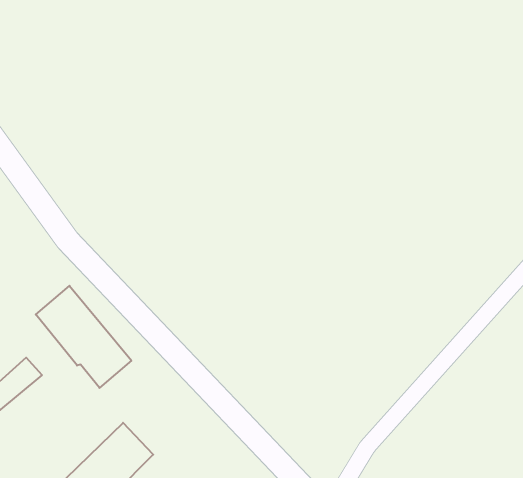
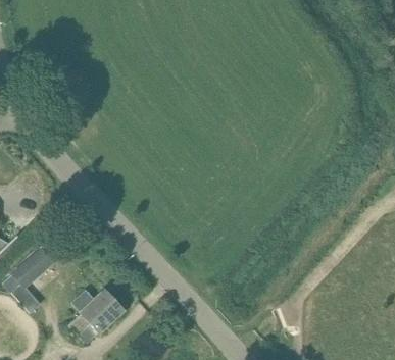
building: [36,286,131,388] -> none

